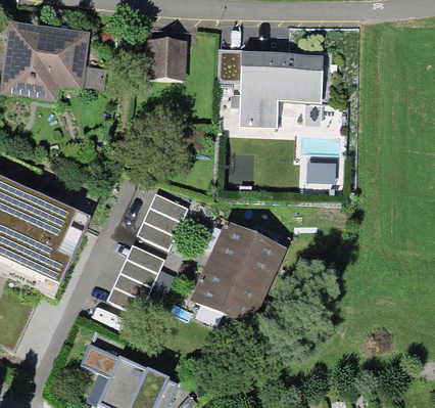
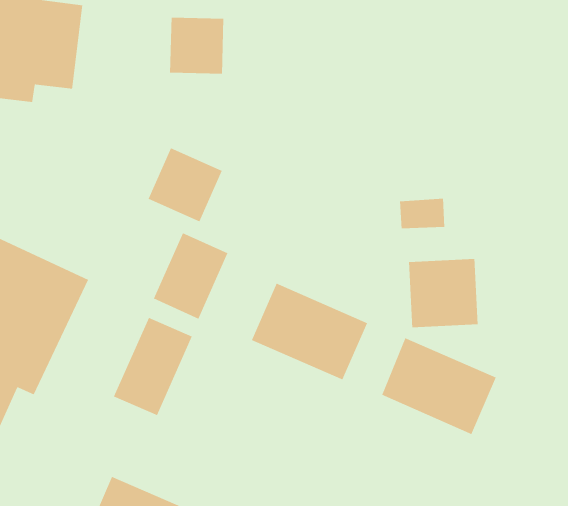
building: [219,48,325,127] -> none
building: none -> [148,147,223,223]
building: none -> [408,258,479,328]
building: [189,261,269,328] -> [381,337,497,435]

